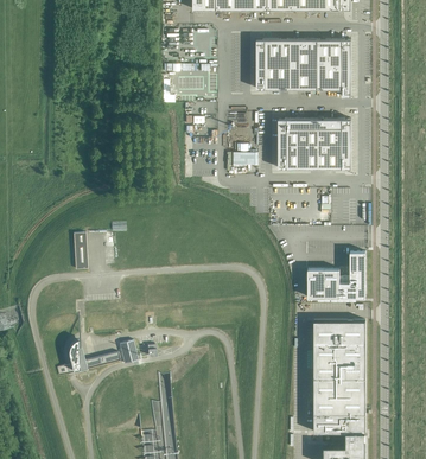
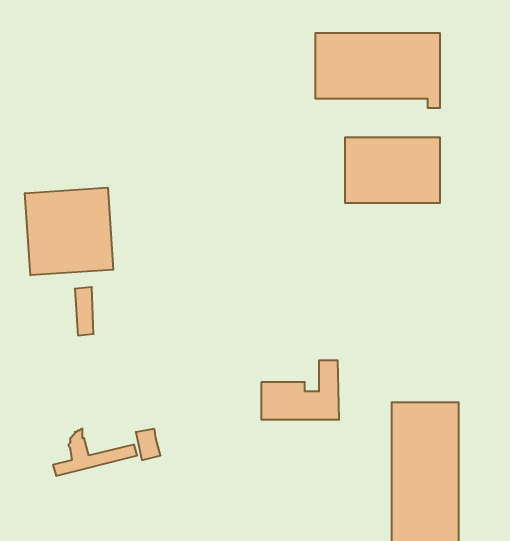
building: none -> [25,188,113,275]
building: [306,253,365,298] -> [261,360,339,420]

